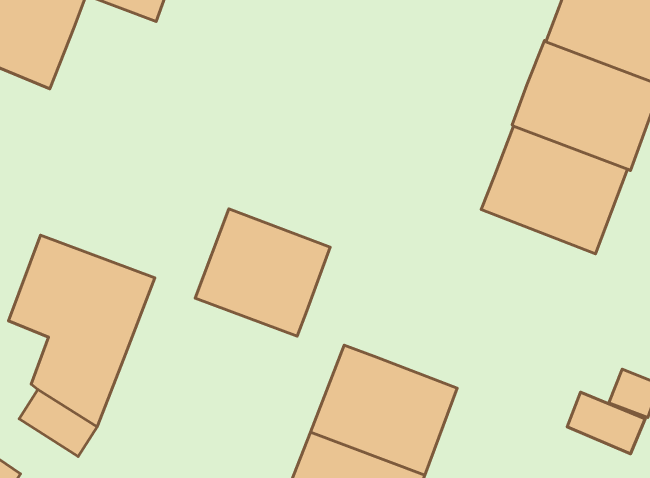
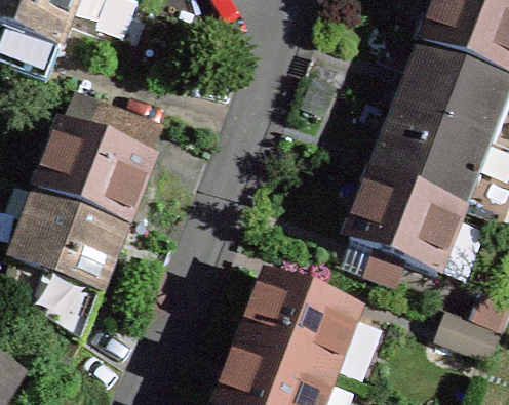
building: none -> [37,91,159,225]
building: [195,209,330,336] -> none
building: none -> [349,172,461,272]

